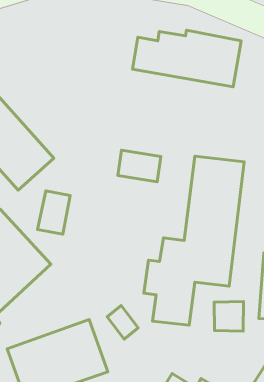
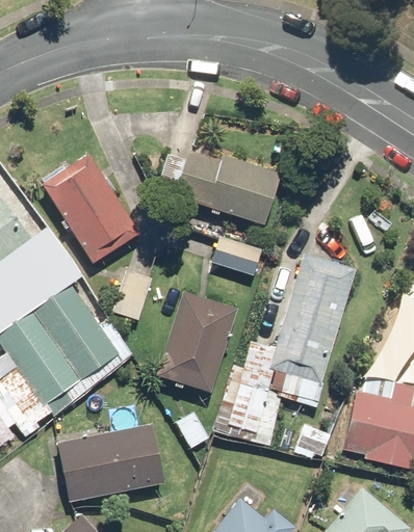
building: [132,30,241,87] -> [154,152,282,227]
building: none -> [156,290,237,395]

